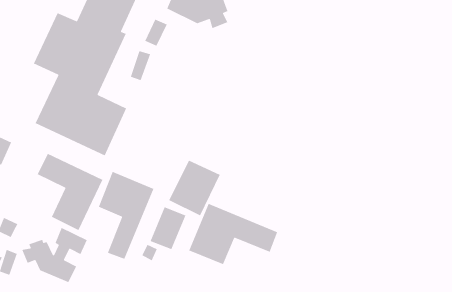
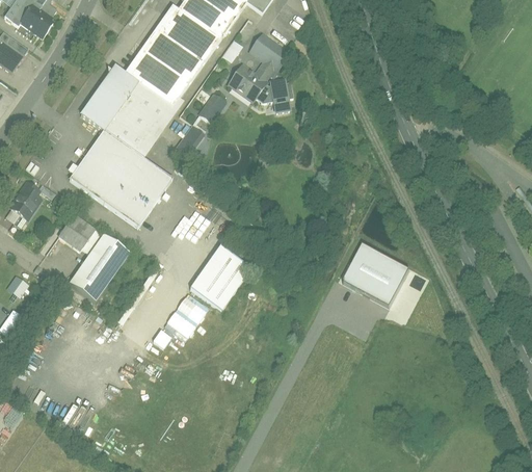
building: none -> [343,242,409,305]
building: [98,171,154,260] -> none
building: [188,203,278,265] -> none
building: [21,227,88,283] -> none

